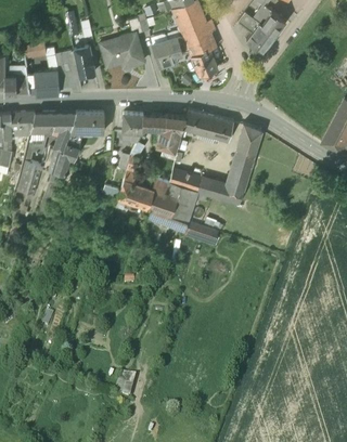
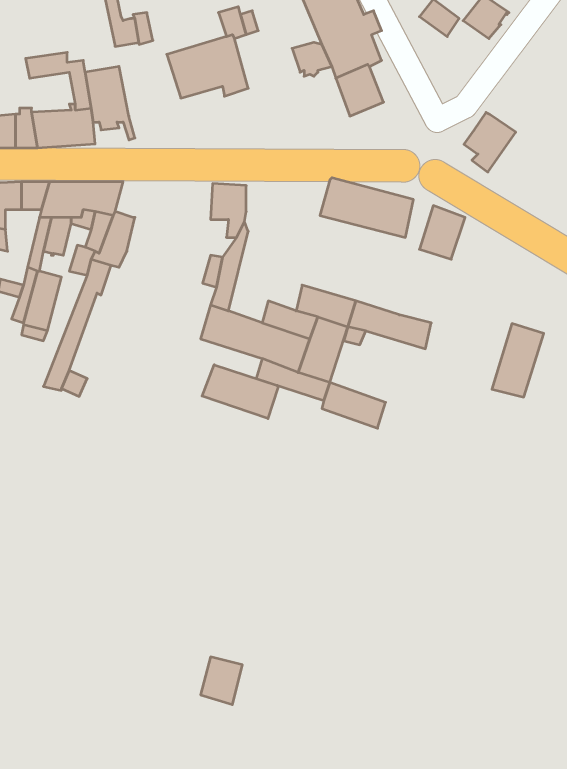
building: [247,23,275,55] -> [464,112,516,172]
building: [153,39,178,67] -> none
building: [74,46,94,76] -> none
building: [72,112,105,131] -> none
building: [143,114,184,152] -> none
building: [227,148,255,188] -> [492,324,544,397]
building: none -> [202,365,278,419]

